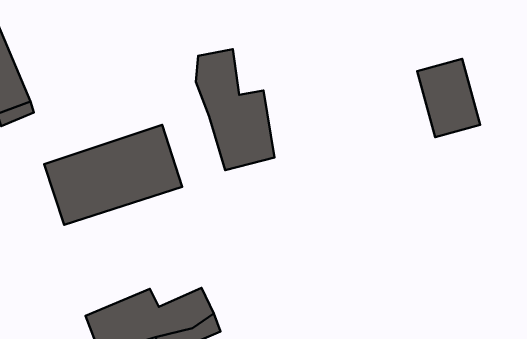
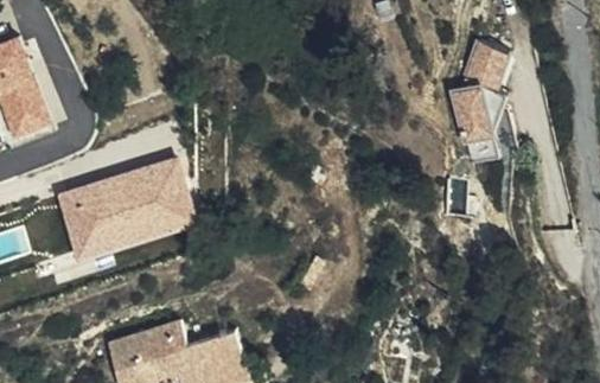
building: none -> [465,39,512,89]
building: [196,49,275,170] -> none

